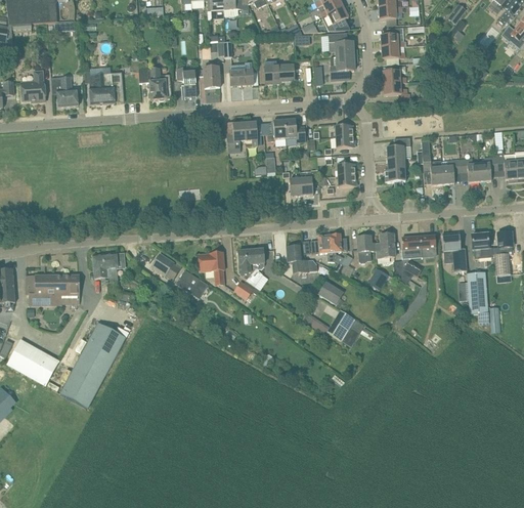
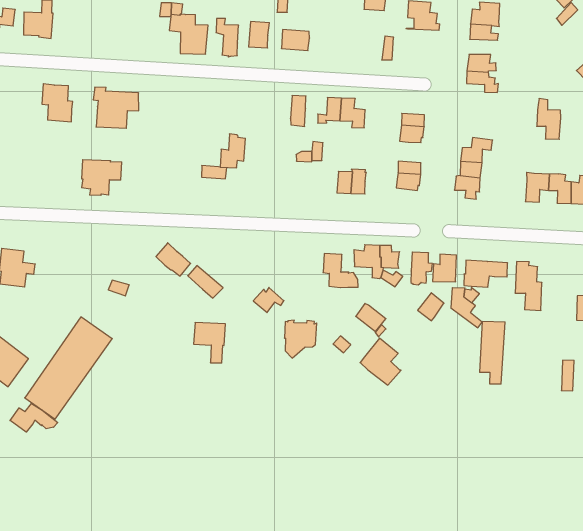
building: [331,54,357,79] -> none
building: [264,60,294,83] -> none
building: [85,71,123,103] -> [93,87,139,128]
building: [51,76,78,105] -> [42,84,73,122]
building: [226,120,246,147] -> [220,134,245,168]
building: [423,153,443,184] -> [537,99,561,139]
building: [472,232,492,257] -> none
building: [237,247,264,279] -> [284,320,317,358]
building: [199,251,224,284] -> [194,323,225,363]
building: [93,252,126,282] -> [82,160,122,195]
building: [467,270,488,322] -> [480,322,505,384]
building: [45,274,79,303] -> none
building: none -> [10,403,58,432]

